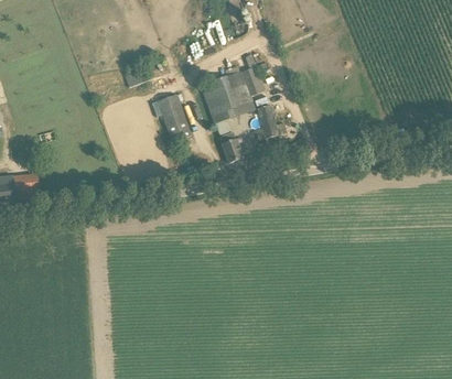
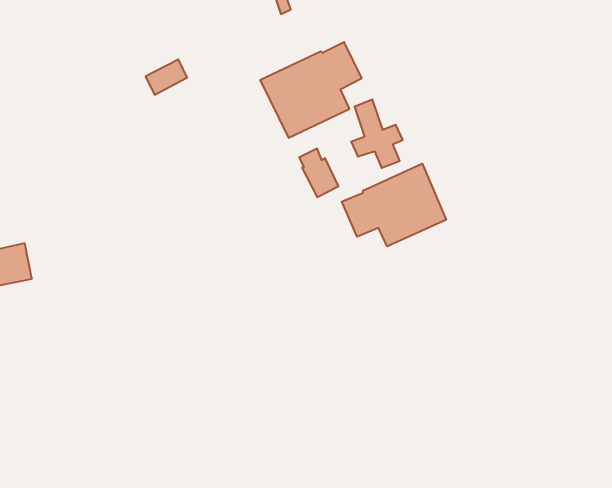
building: [158,95,192,143] -> none
building: none -> [342,164,446,246]

